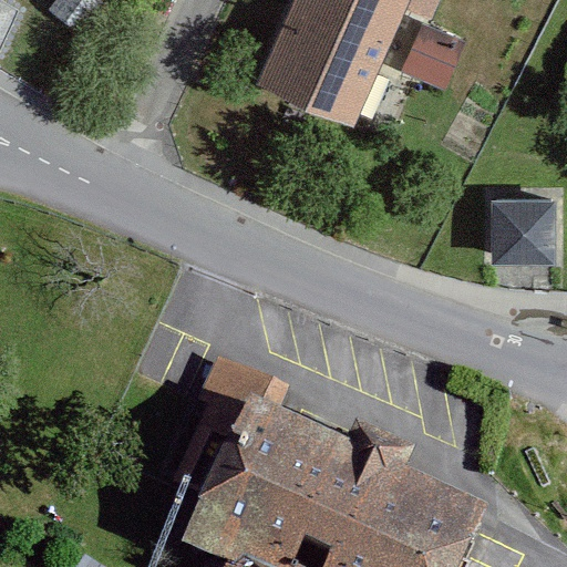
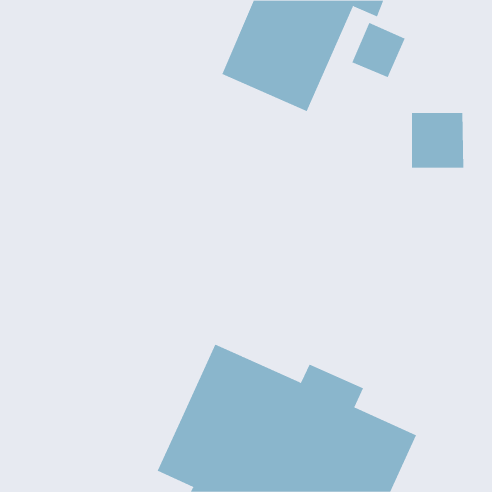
building: [494,200,555,265] -> [411,112,464,168]
building: [182,359,288,481] -> none

